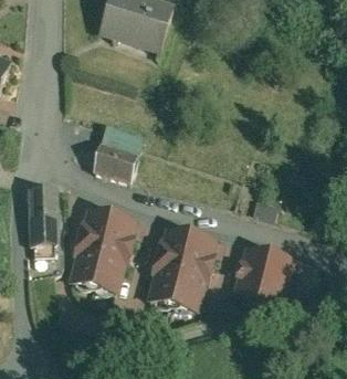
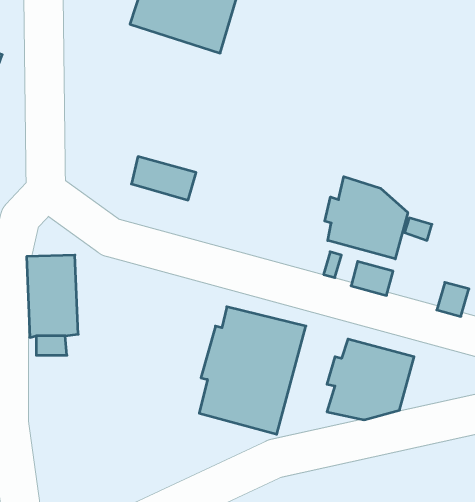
building: none -> [325,177,408,259]
building: [91,141,137,180] -> none
building: [67,207,137,293] -> none

